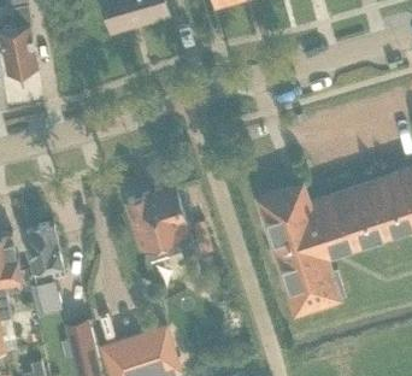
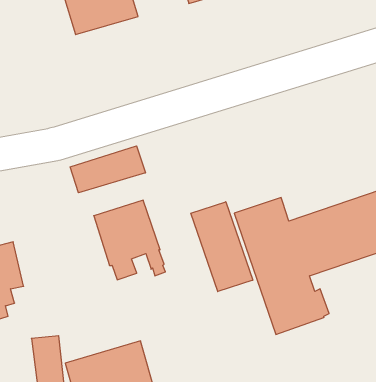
building: none -> [70,146,145,193]
building: none -> [191,202,253,292]

